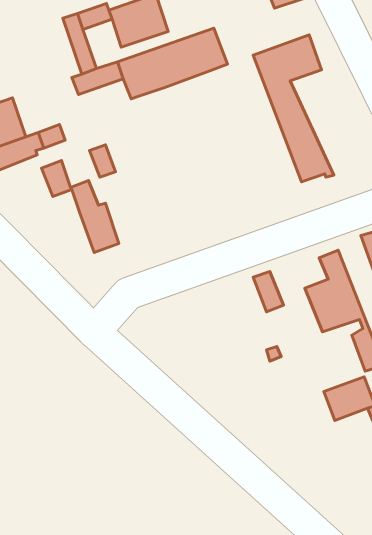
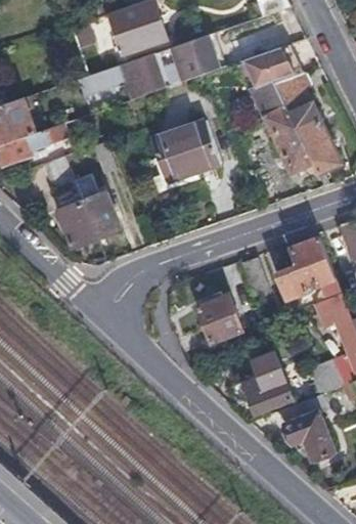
building: none -> [275,73,332,169]
building: none -> [147,126,217,184]
building: none -> [59,203,96,249]
building: none -> [196,294,241,342]
building: none -> [248,366,291,410]
building: none -> [279,395,333,457]

